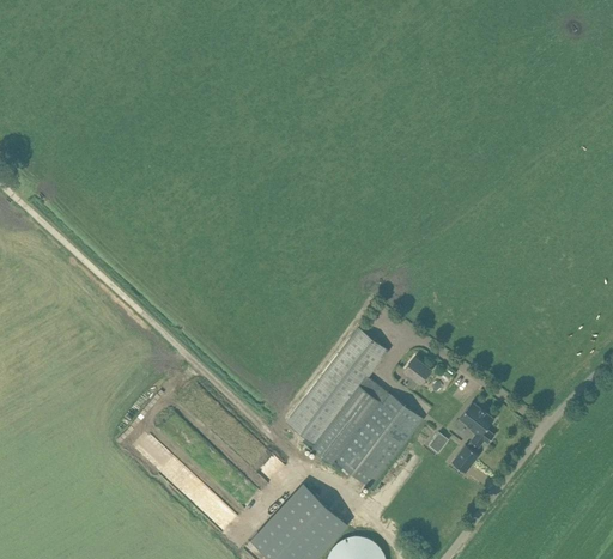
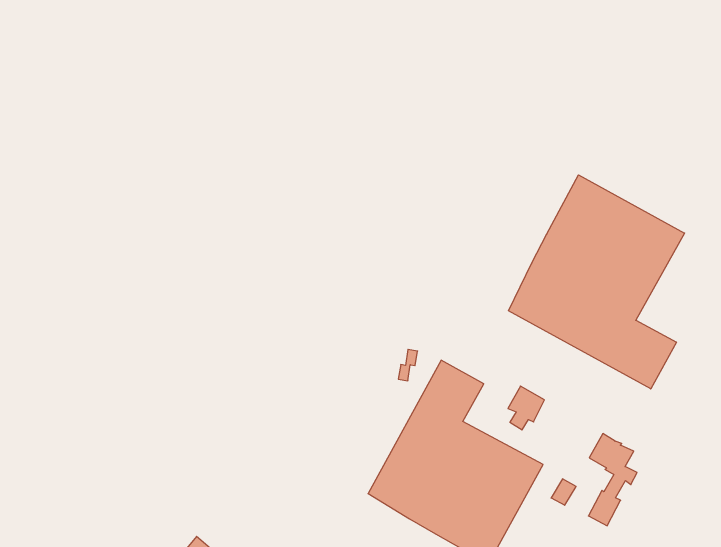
building: none -> [508,175,685,389]

